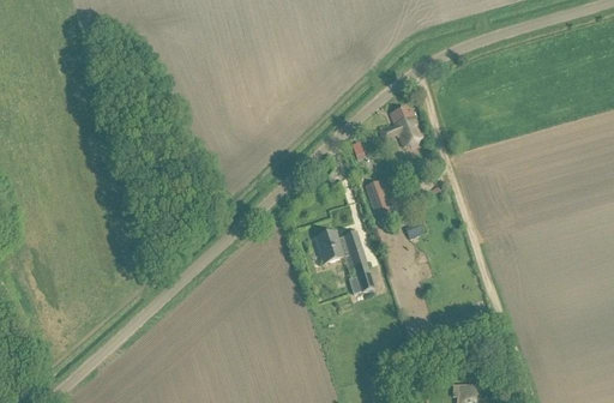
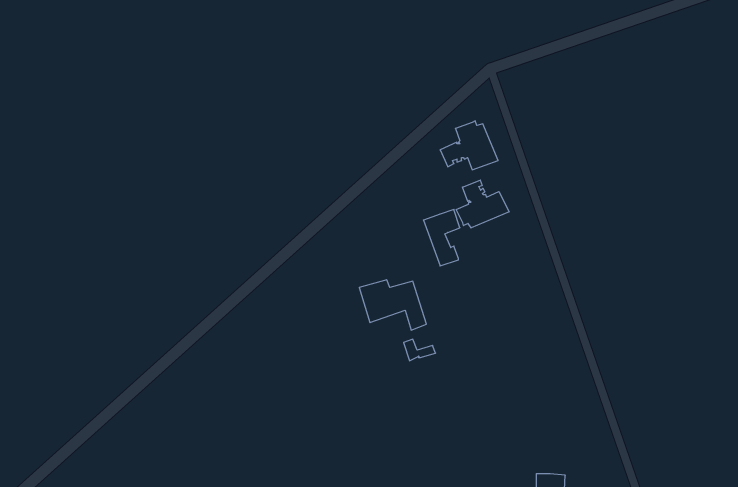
building: none -> [456,180,509,228]

